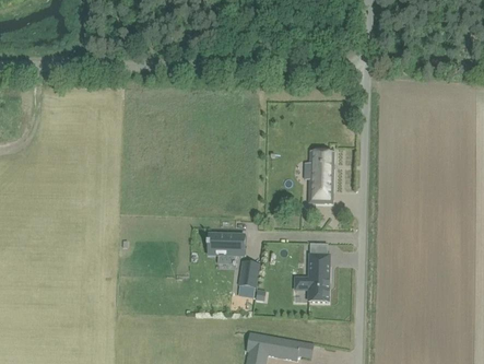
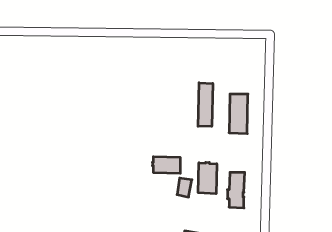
building: none -> [198,83,213,126]
building: none -> [198,162,217,194]

